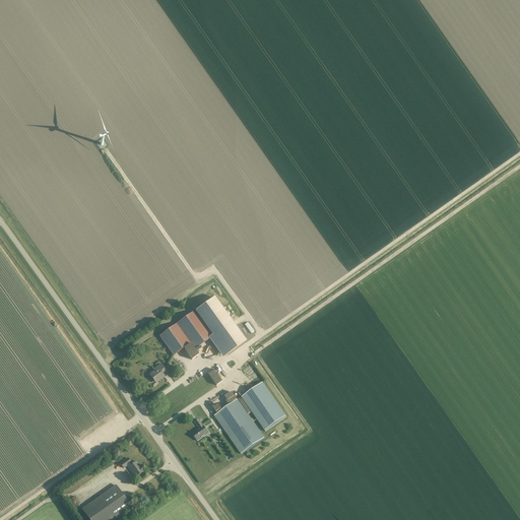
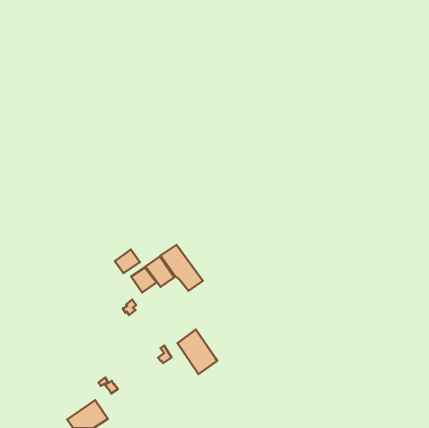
building: none -> [115,250,140,273]
building: [241,381,284,429] -> none

